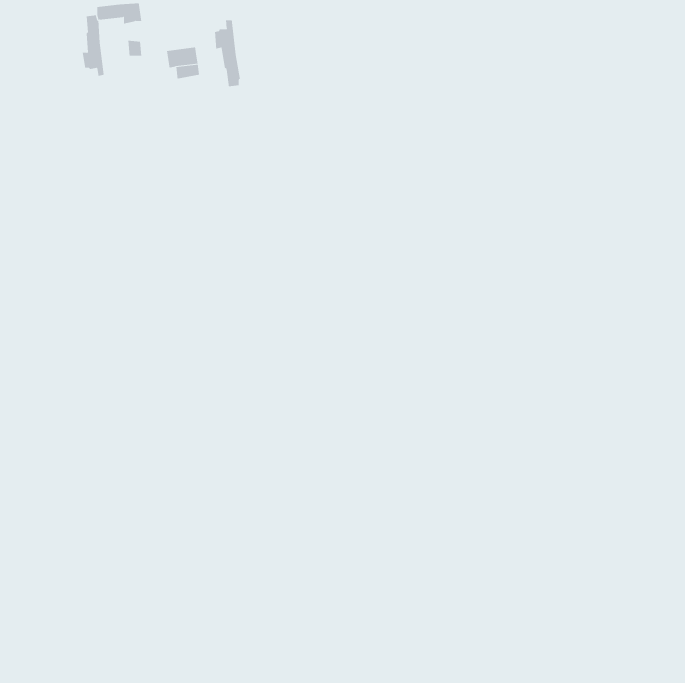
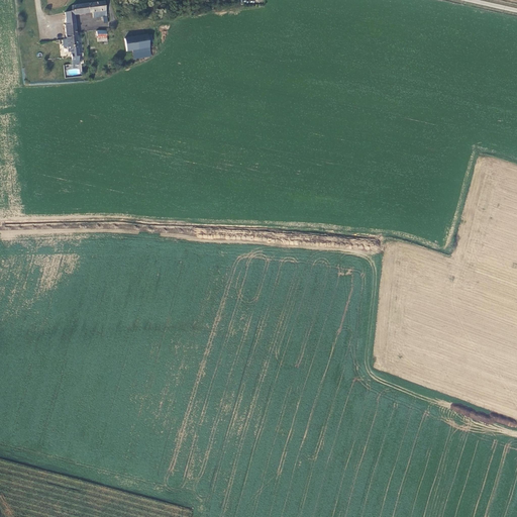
building: [215,20,241,87] -> none

